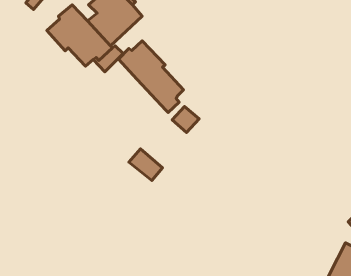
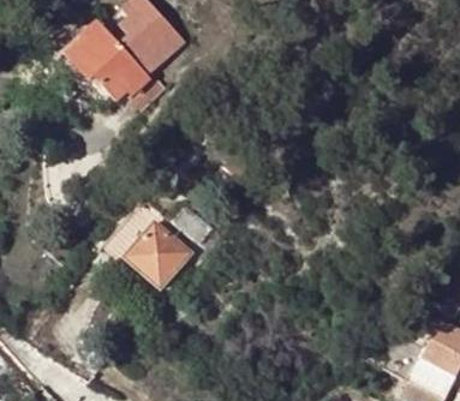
building: [119,41,184,113] -> none
building: none -> [98,222,190,288]

